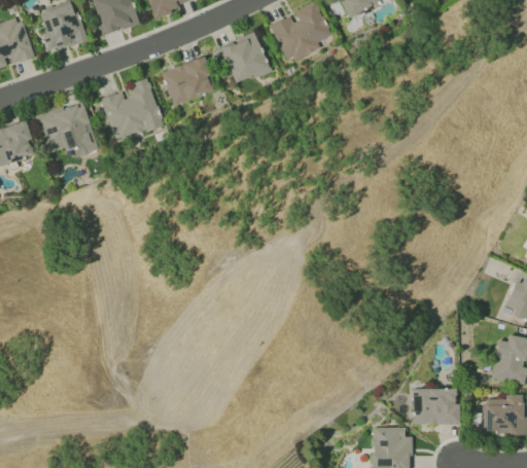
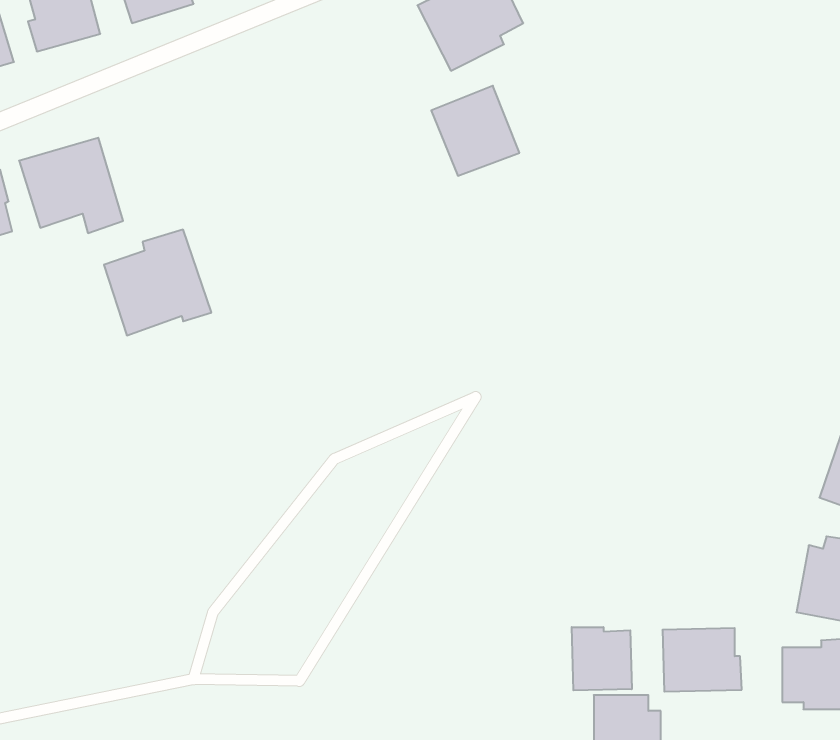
building: [218,32,270,84] -> [431,86,519,176]
building: [162,58,213,106] -> none
building: [101,78,164,140] -> [104,230,211,335]
building: none -> [572,627,632,690]

